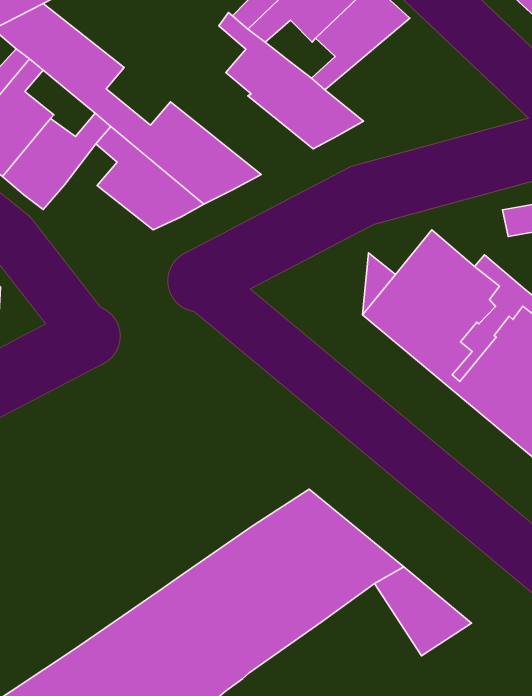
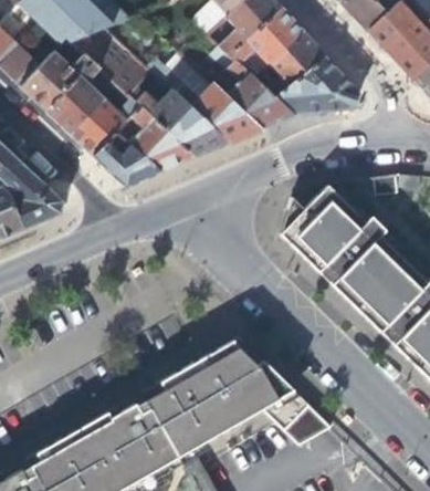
building: none -> [270,54,360,115]
building: none -> [160,71,260,143]
building: none -> [92,139,158,186]

